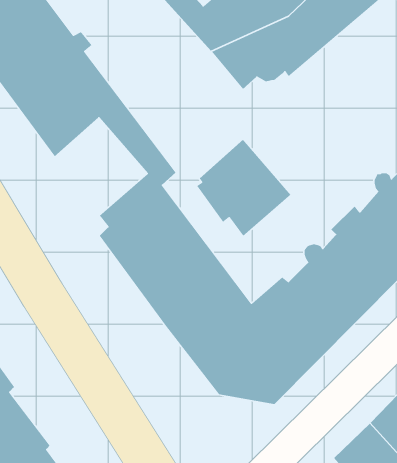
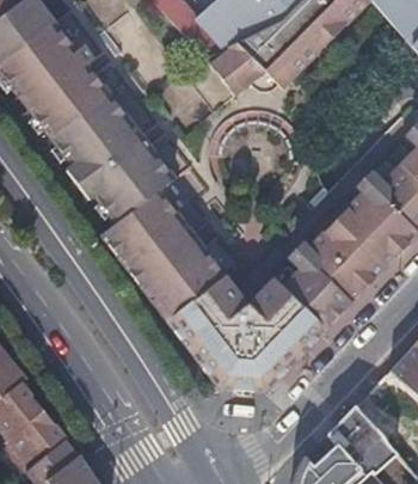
building: [196,139,292,237] -> [59,118,148,210]

